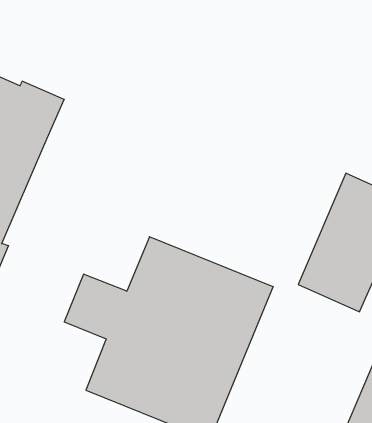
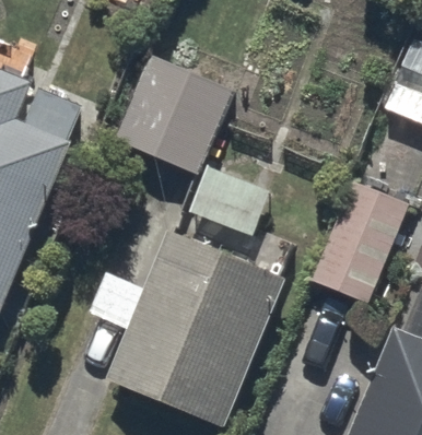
building: none -> [114,44,238,173]

